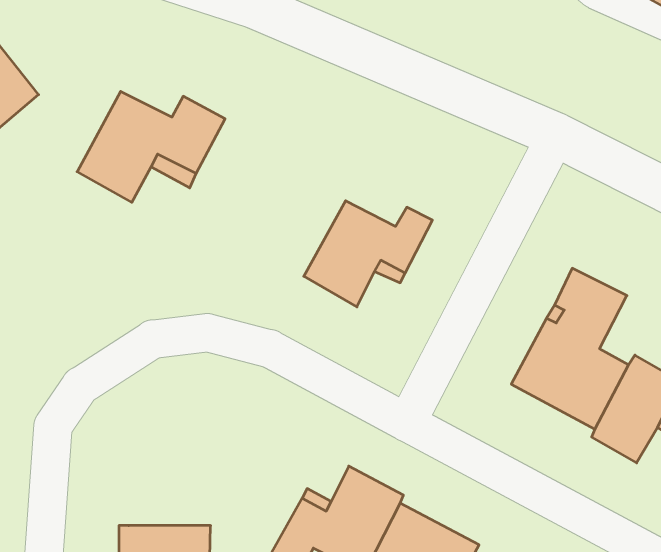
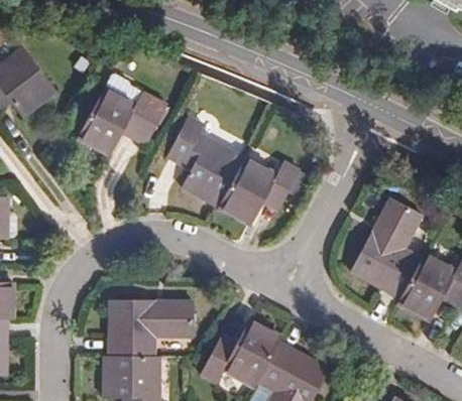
building: none -> [167,113,247,202]
building: none -> [110,301,198,358]

